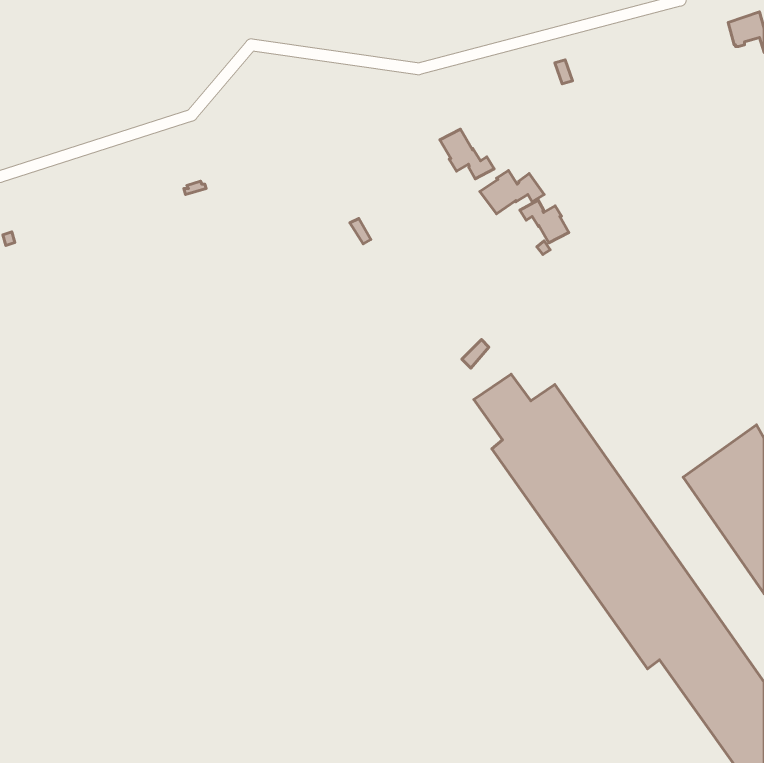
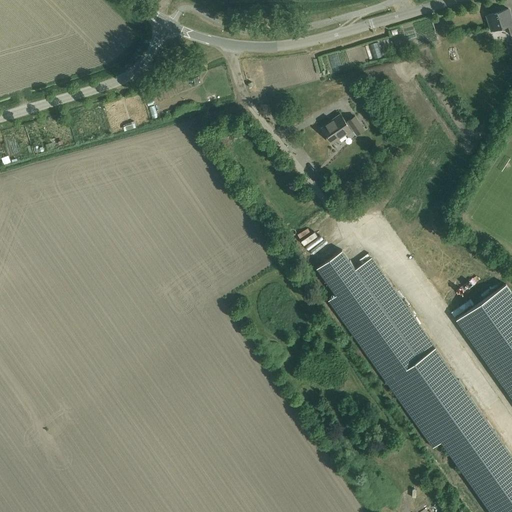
building: [440,129,494,179] -> none
building: [520,200,569,243] -> none

